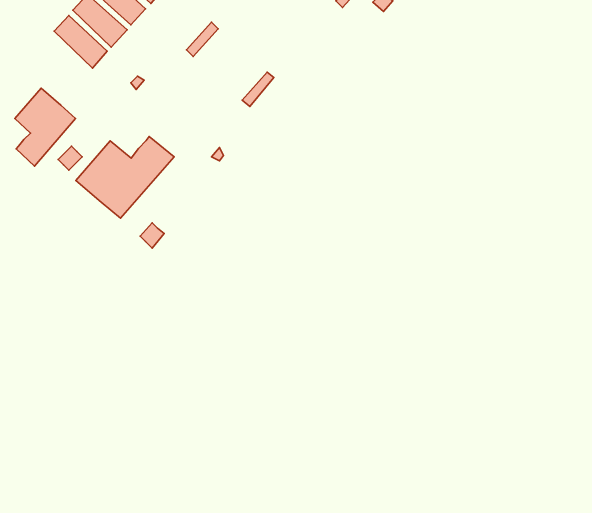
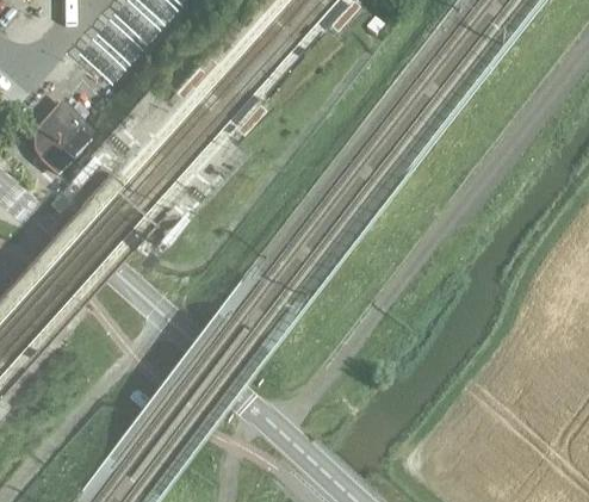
building: [76,137,174,218] -> none

